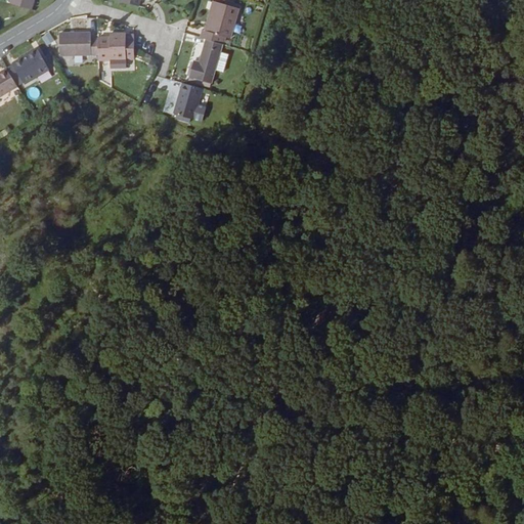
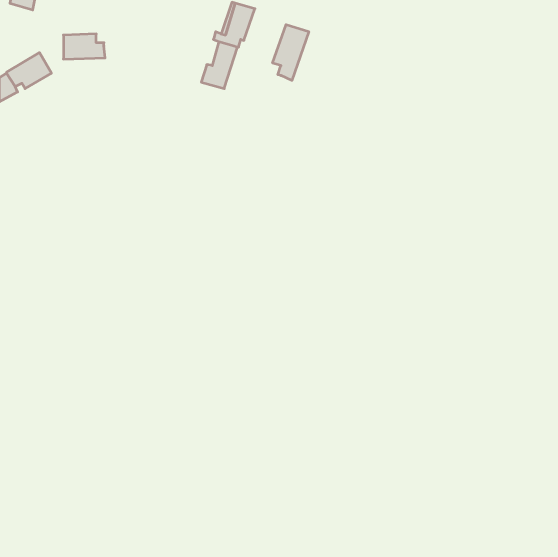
building: none -> [273,25,309,80]
building: [97,33,133,59] -> none
building: [173,83,201,119] -> none

